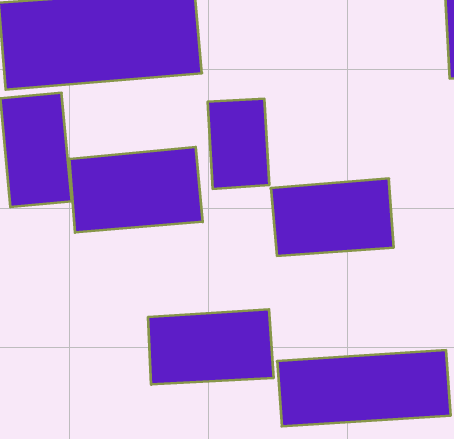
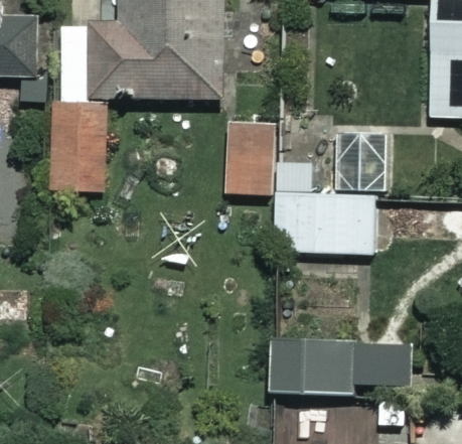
building: [69,147,203,233] -> none
building: [148,309,273,385] -> none

